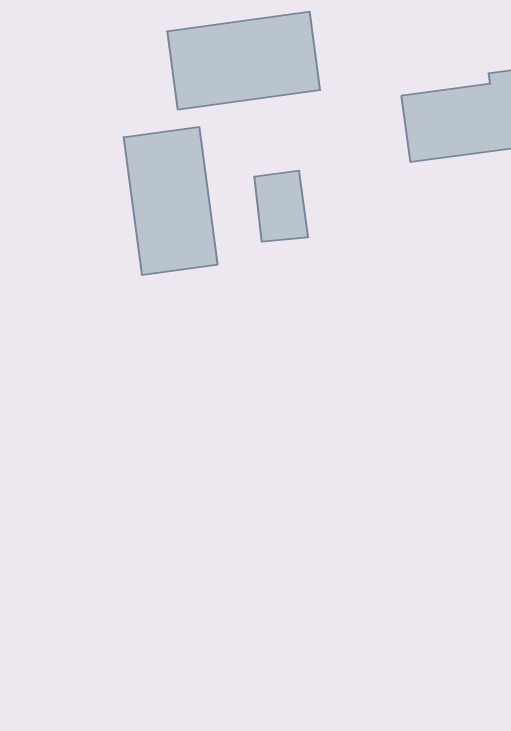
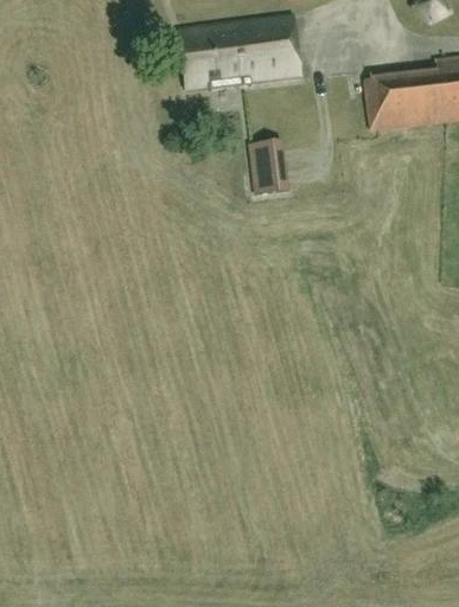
building: [124,127,217,275] -> none

